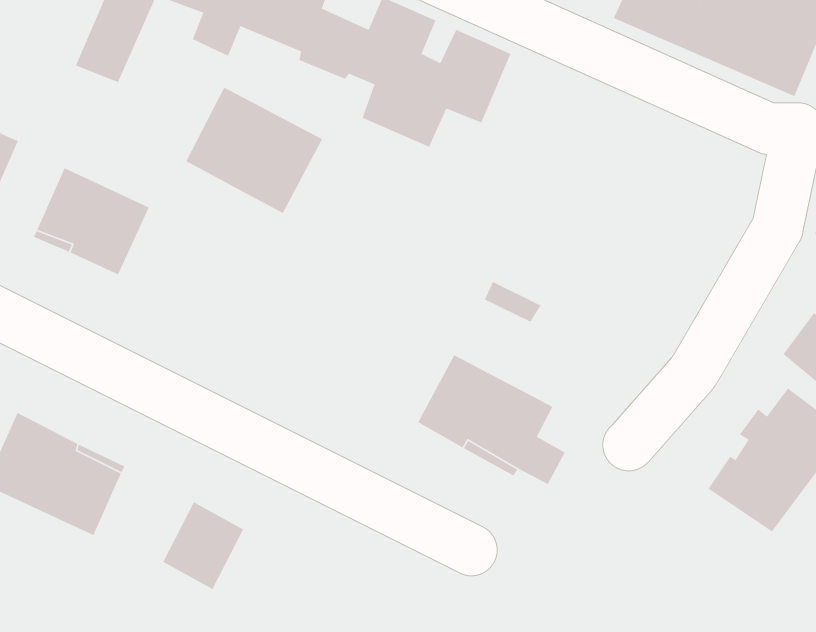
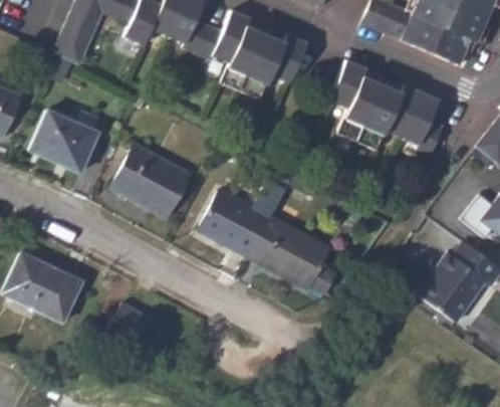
building: [185,86,323,214] -> [111,144,191,217]
building: none -> [329,63,445,156]
building: none -> [199,189,272,256]

